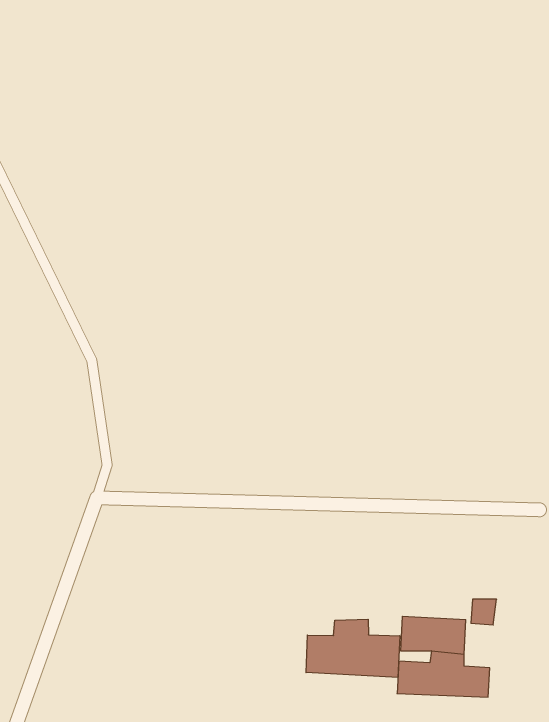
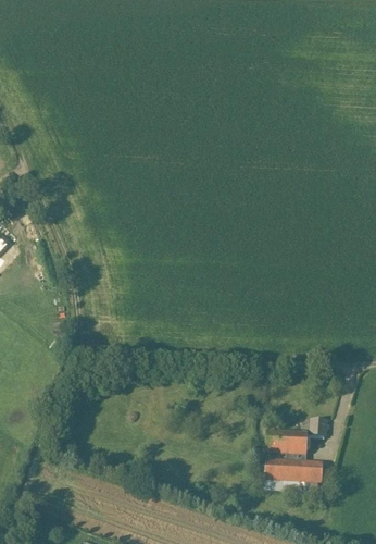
building: [306,619,400,678] -> none

